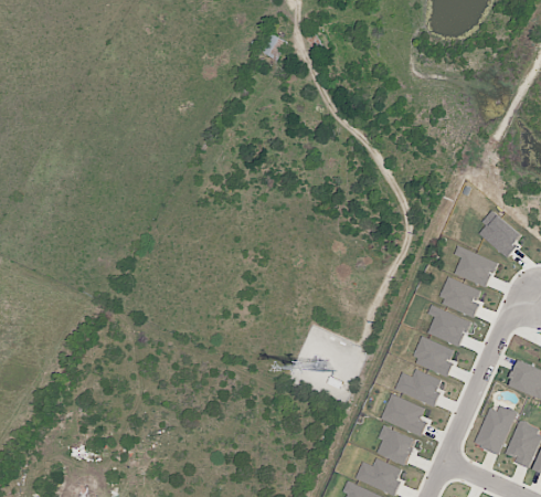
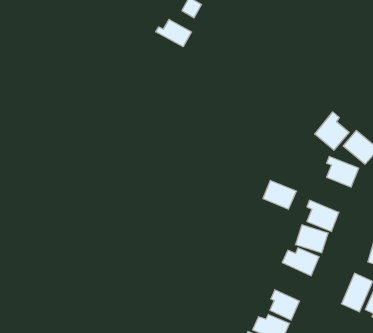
building: none -> [156,19,192,47]
building: none -> [315,112,349,150]
building: [438,277,484,316] -> [263,180,297,209]
building: [381,394,427,434] -> none

